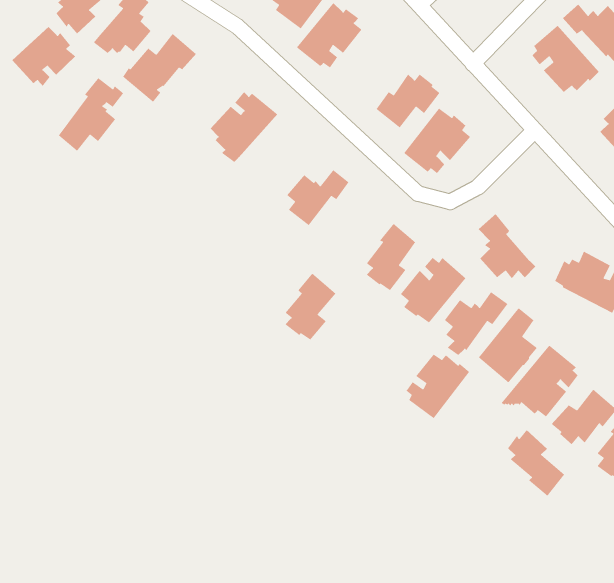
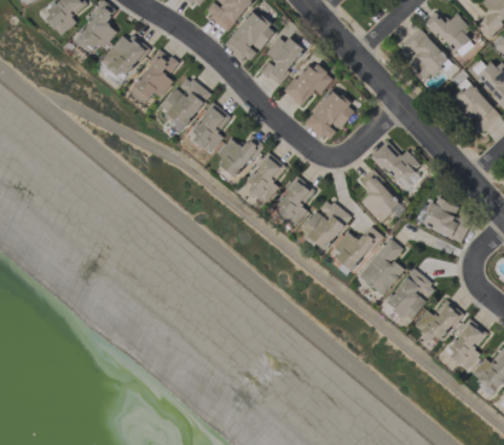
building: [12,26,76,87] -> none
building: none -> [260,37,305,85]
building: [58,77,124,152] -> [129,50,179,105]
building: none -> [192,102,231,152]
building: none -> [370,140,421,190]
building: [284,272,336,341] -> [248,151,286,202]
building: [406,353,470,419] -> none
building: [507,429,565,497] -> none

